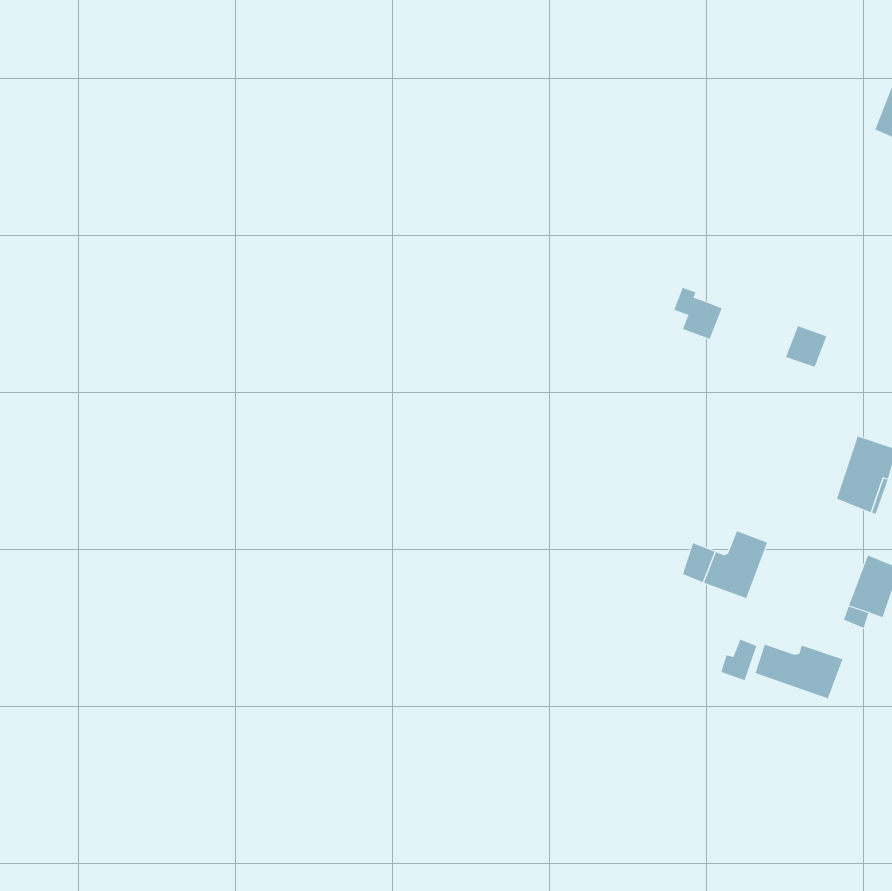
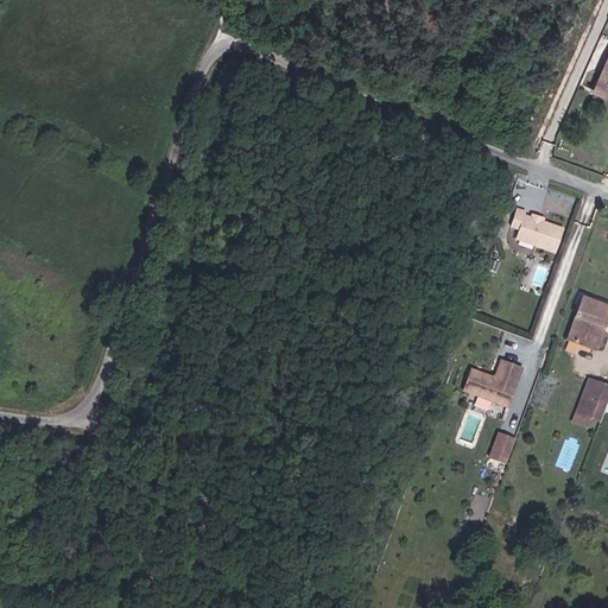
building: [673,287,722,340] -> [509,207,543,242]
building: [755,644,843,699] -> none

